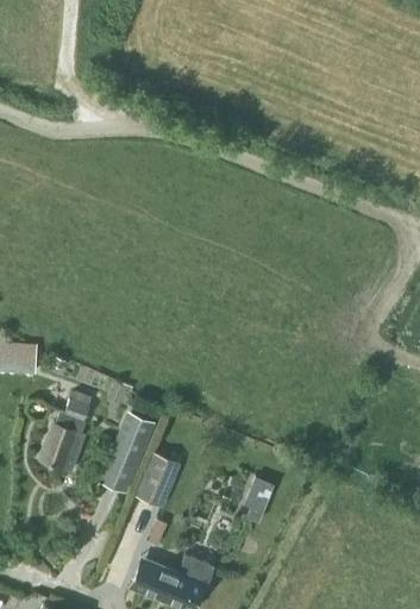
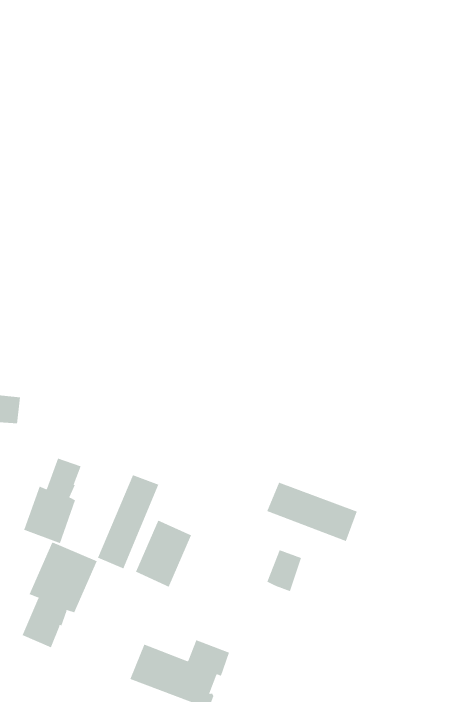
building: none -> [267,482,358,542]
building: none -> [22,541,98,648]

